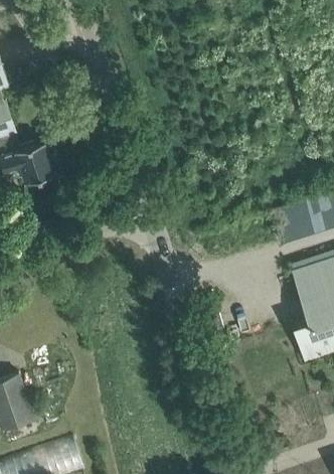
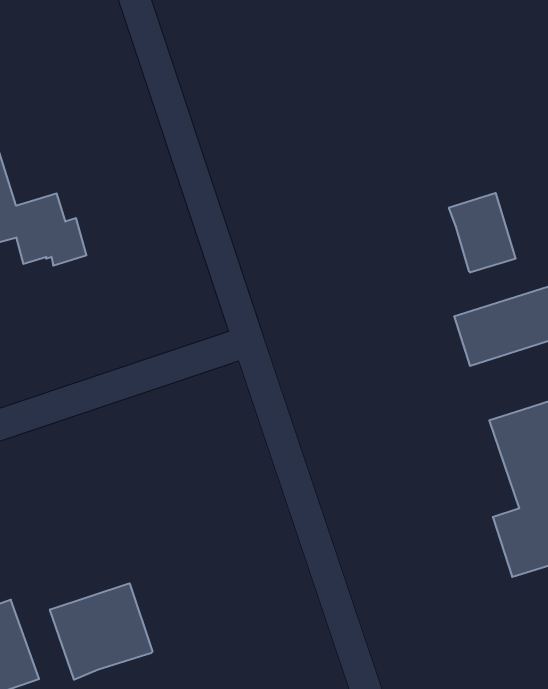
building: none -> [449,193,516,273]
building: none -> [50,583,152,680]

